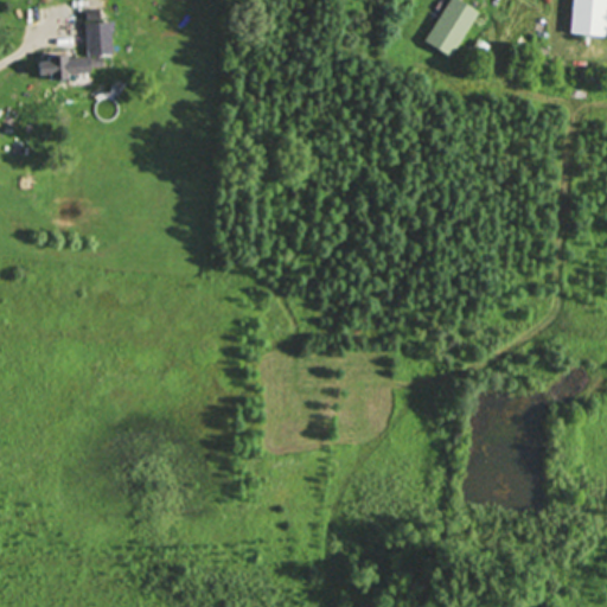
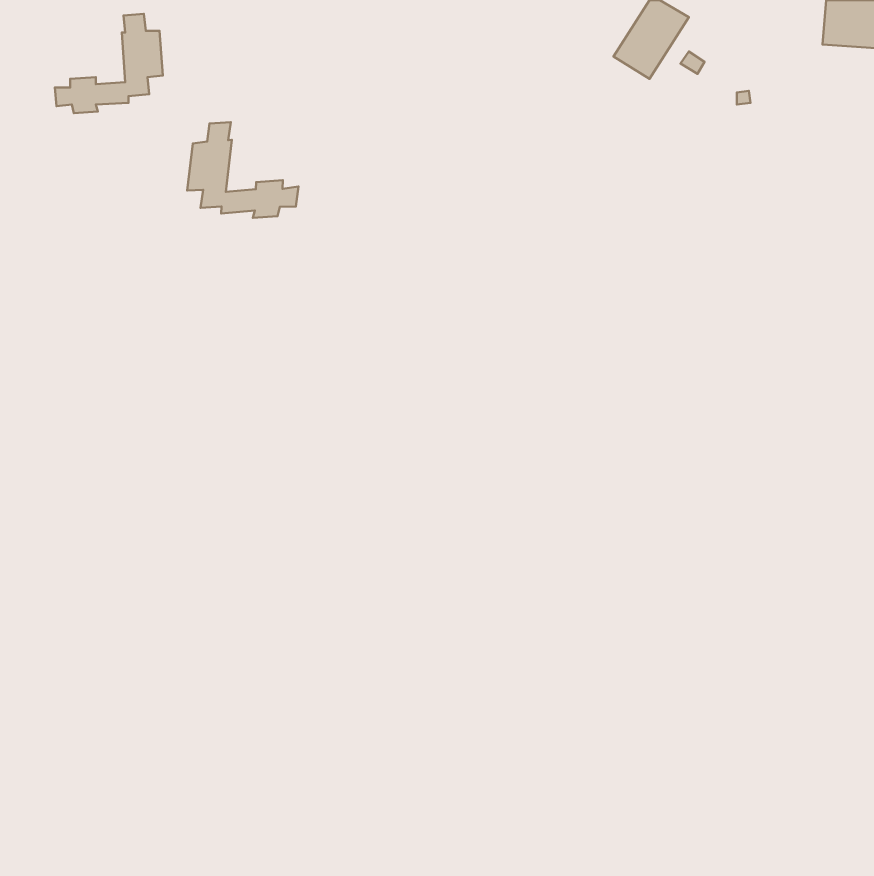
building: none -> [187,122,298,218]

